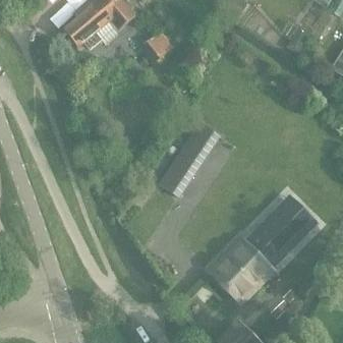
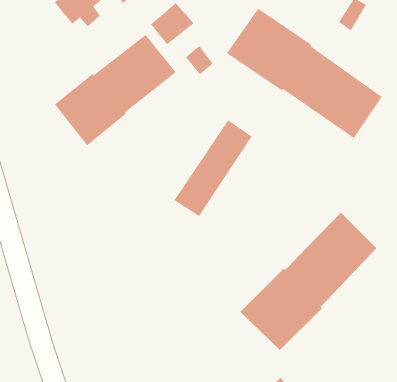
building: none -> [226,8,382,139]
building: none -> [54,34,176,146]

